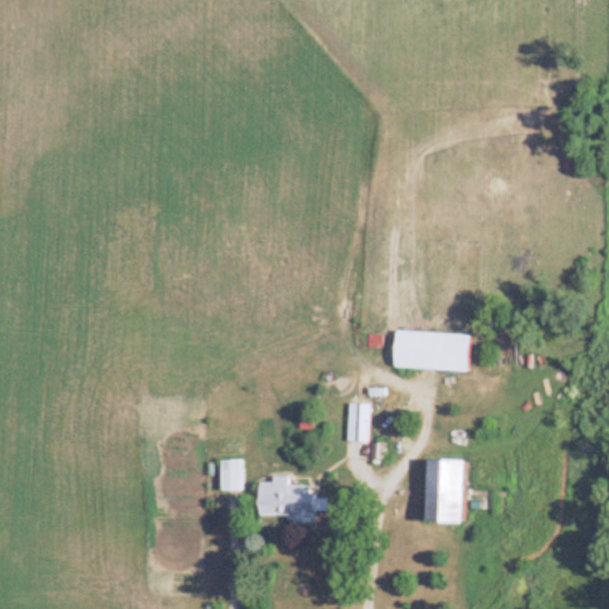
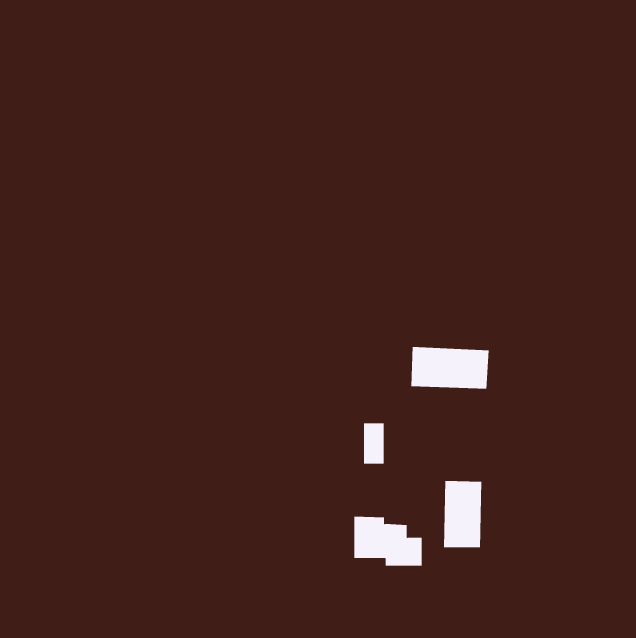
building: [221,459,245,490] -> none
building: [260,476,326,523] -> [354,516,422,566]

